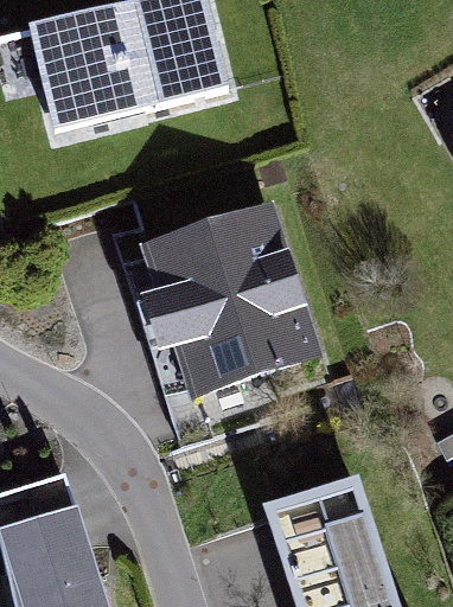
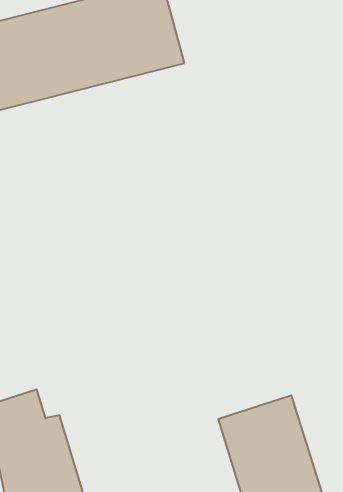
building: [152,212,314,390] -> none

